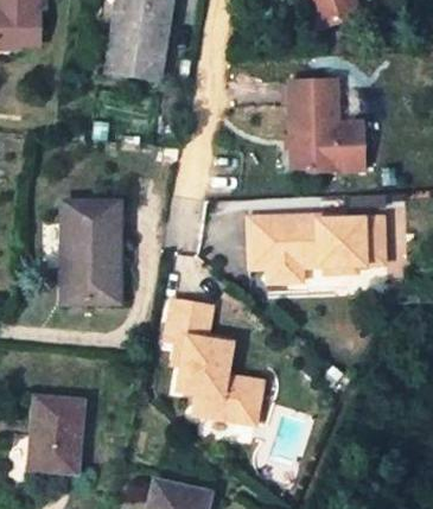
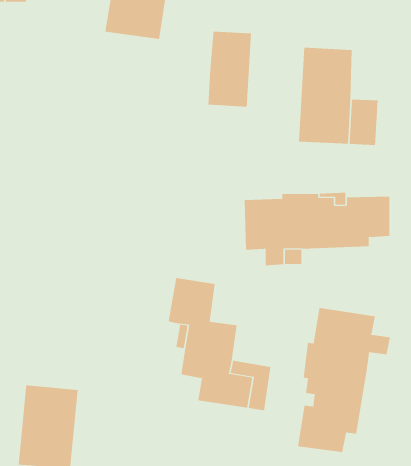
building: none -> [208,31,251,108]
building: [64,199,121,300] -> none
building: none -> [298,307,391,453]

